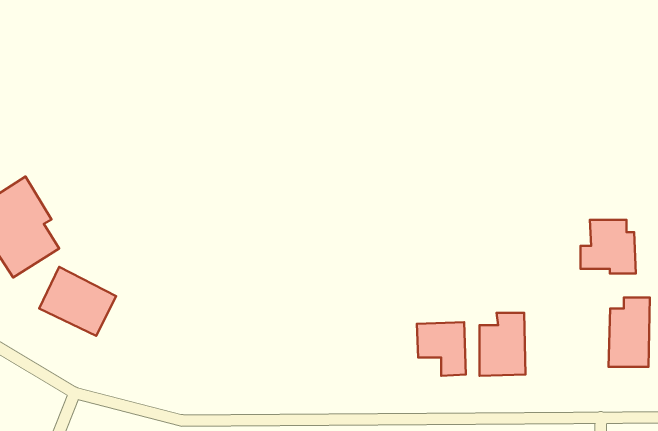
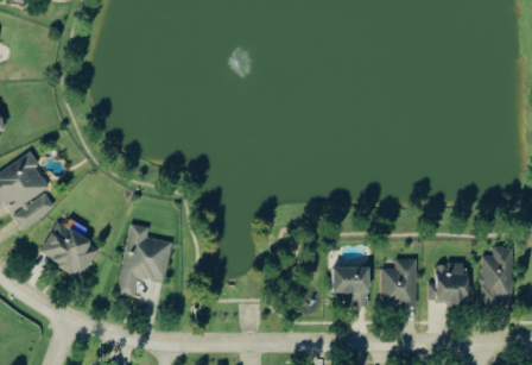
building: [581,220,636,274] -> [426,263,469,304]
building: none -> [116,222,170,296]

